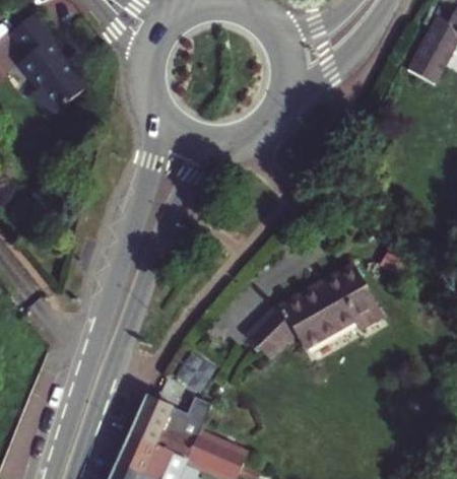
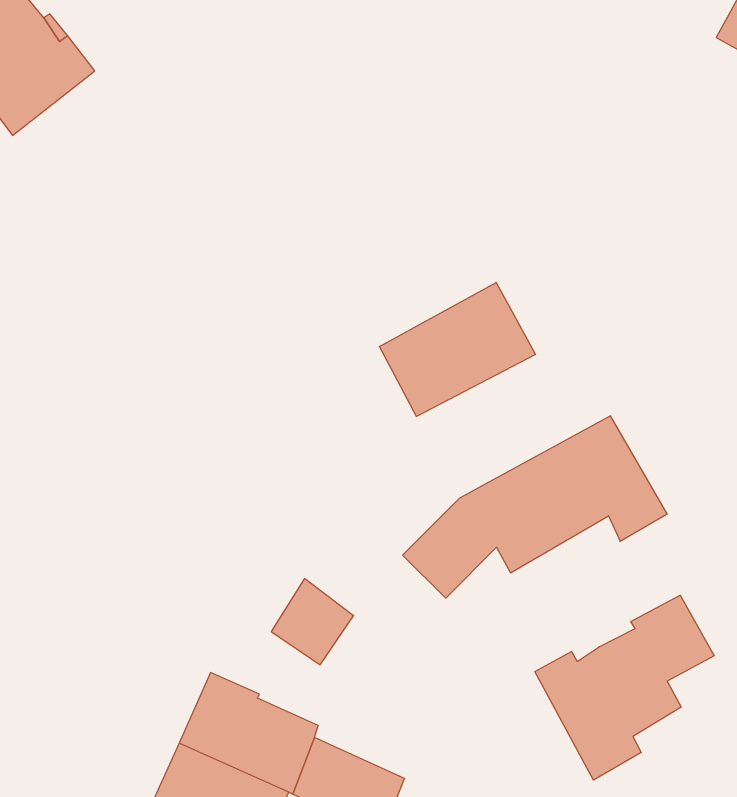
building: none -> [379,282,535,416]
building: none -> [535,595,714,780]

